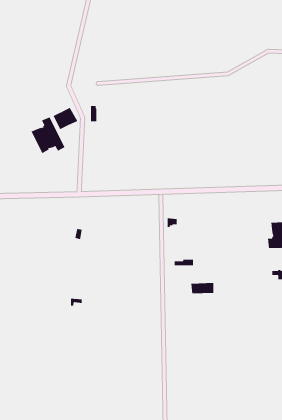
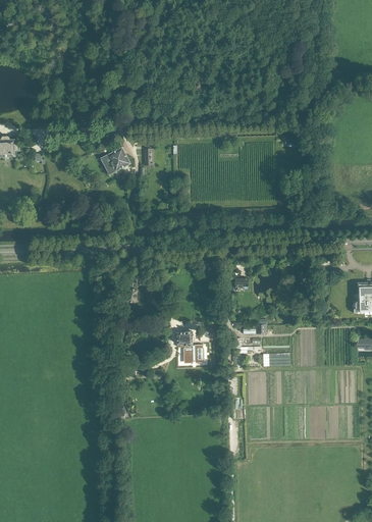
building: [31,117,65,154] -> none
building: none -> [175,330,203,362]

